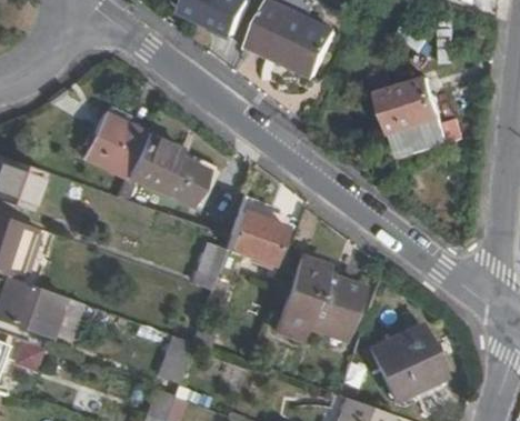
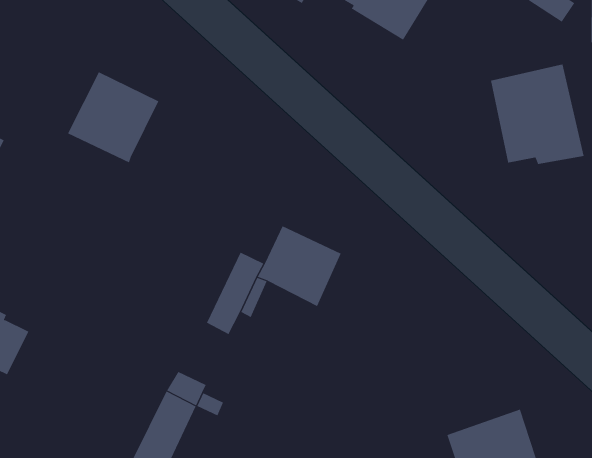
building: [131,131,210,198] -> none
building: [279,254,363,350] -> none

